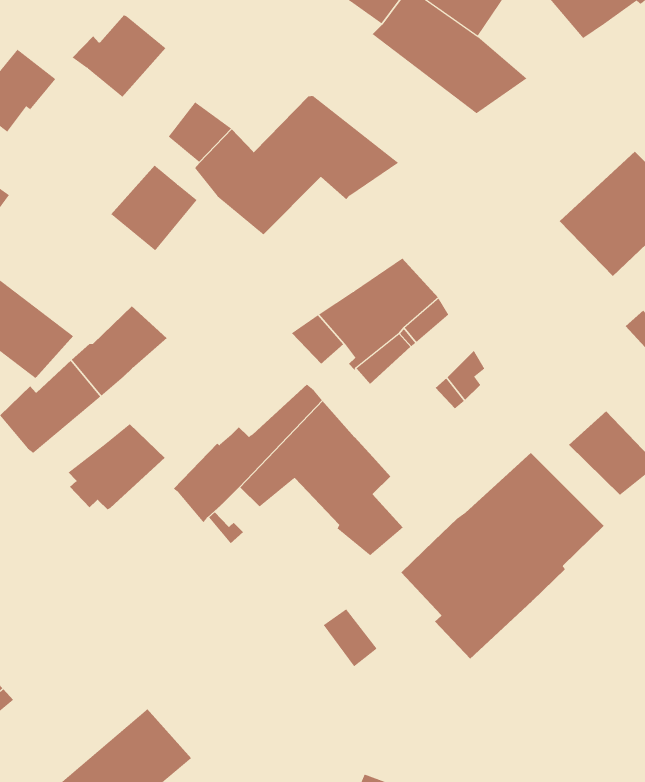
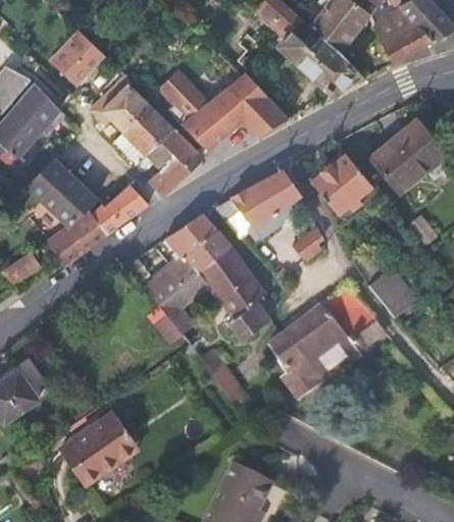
building: [72,15,166,97] -> [95,84,149,130]
building: none -> [134,127,203,193]
building: none -> [315,155,381,230]
building: [68,424,165,510] -> [167,216,223,264]

